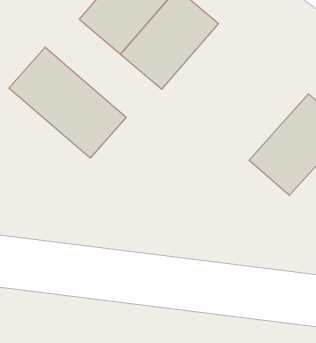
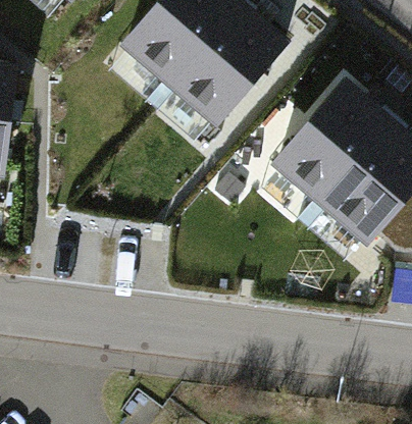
building: [9,47,126,158] -> none
building: none -> [270,90,381,204]

